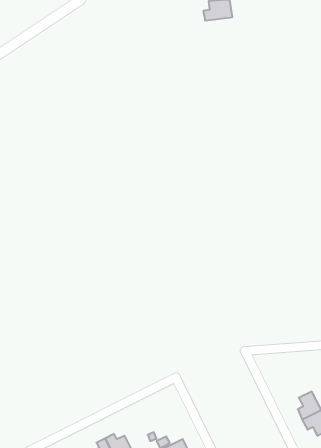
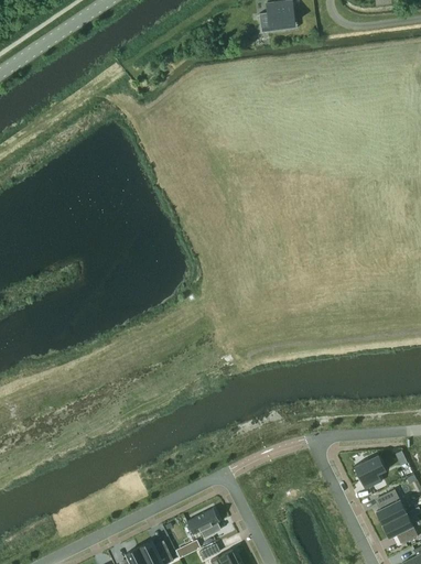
building: none -> [354,456,387,491]
building: none -> [187,510,219,540]

